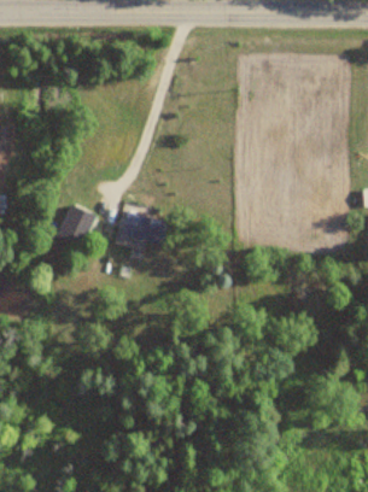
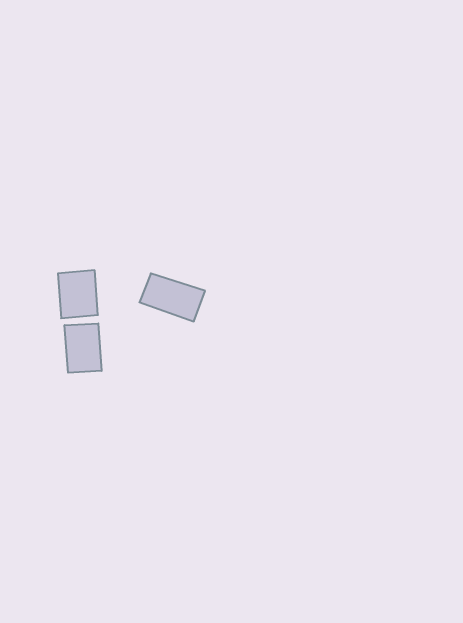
building: none -> [65,323,102,373]

